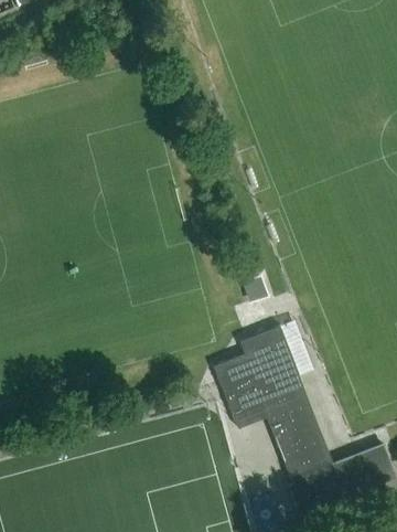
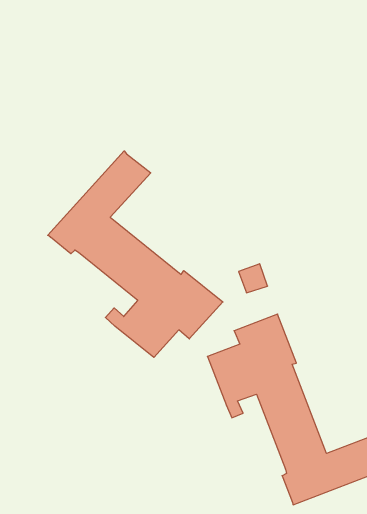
building: none -> [48,151,223,357]

